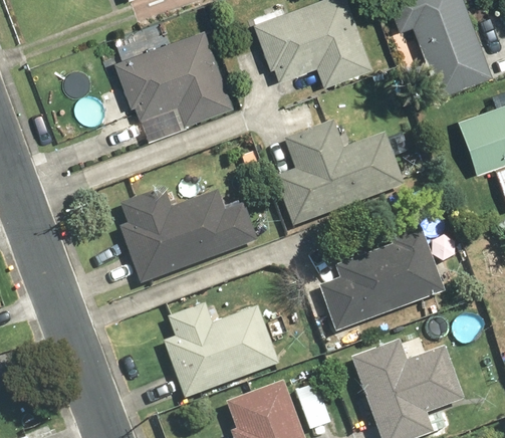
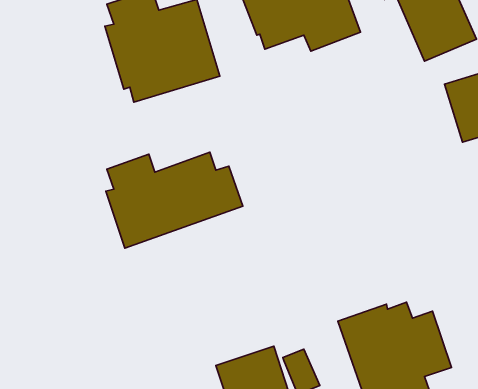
building: [274,122,409,227] -> none
building: [319,229,445,332] -> none
building: [162,302,281,401] -> none

